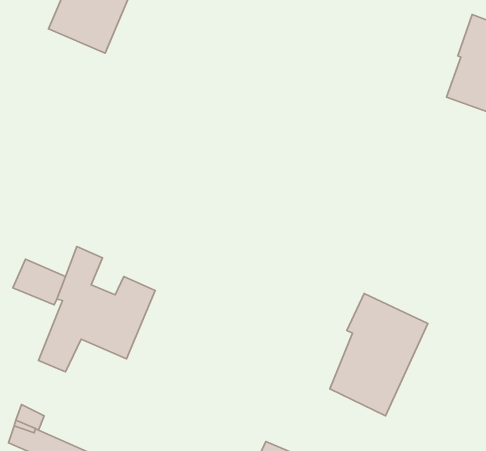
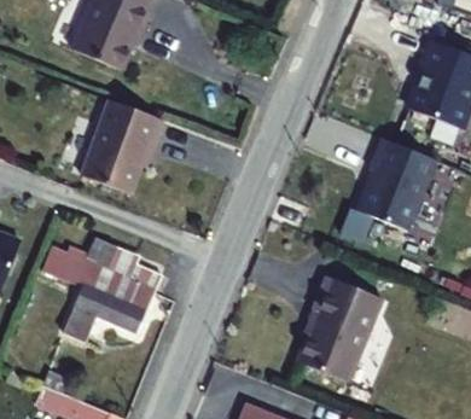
building: none -> [80,99,162,193]
building: none -> [357,144,436,235]

